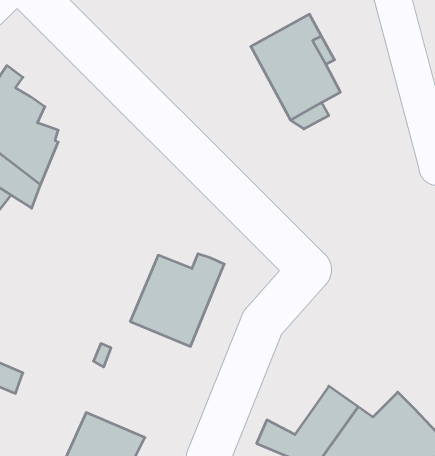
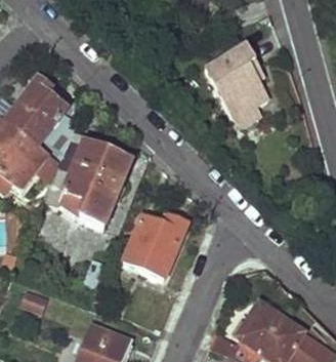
building: none -> [45,134,129,225]

